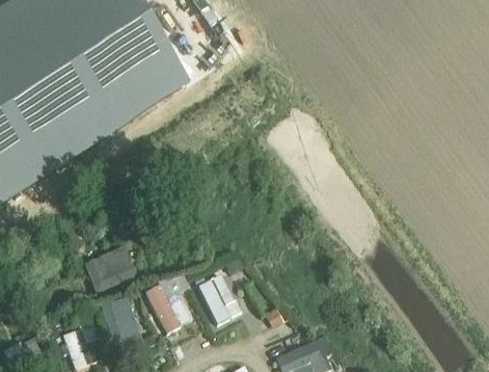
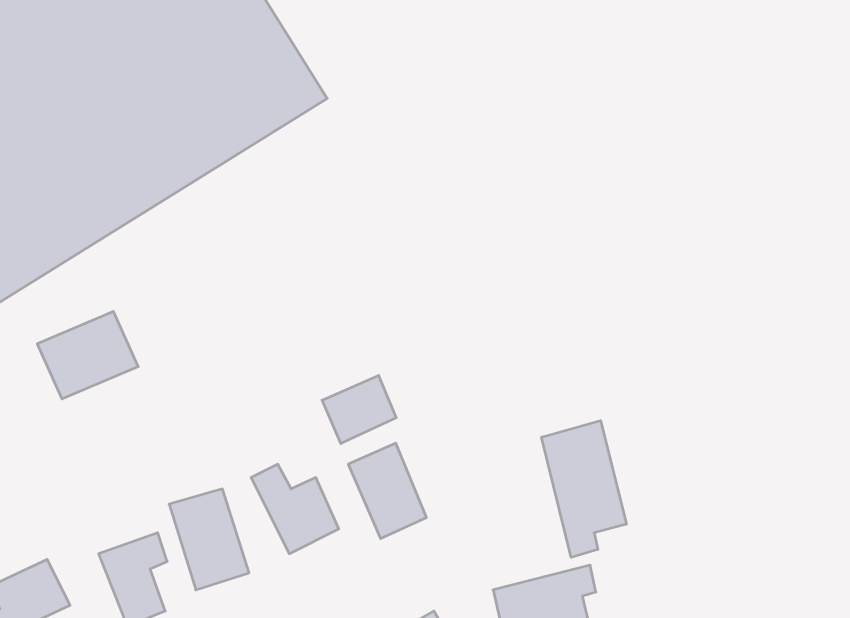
building: none -> [322,375,396,444]
building: [83,244,138,292] -> [37,311,138,399]
building: none -> [542,421,626,557]

